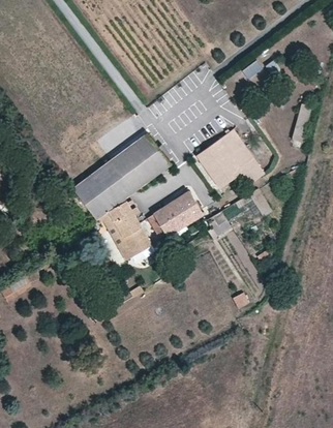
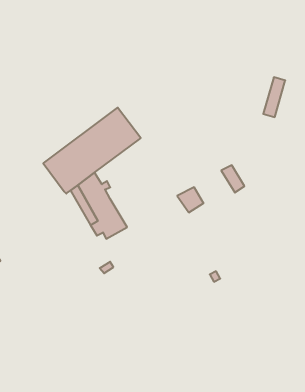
building: [193,128,264,189] -> none
building: [148,192,201,237] -> none

